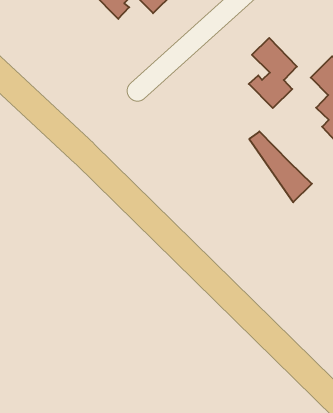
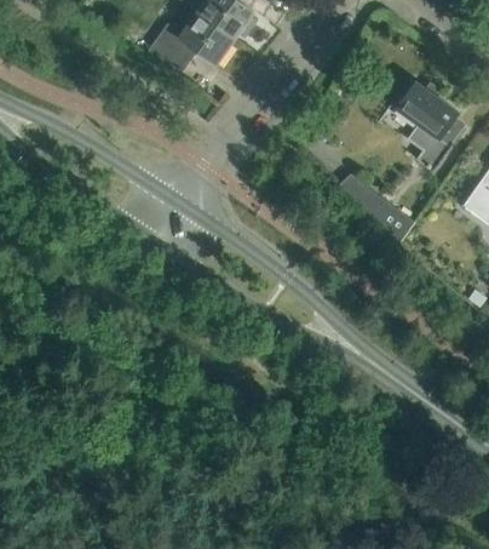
building: [249,38,297,108] -> none

